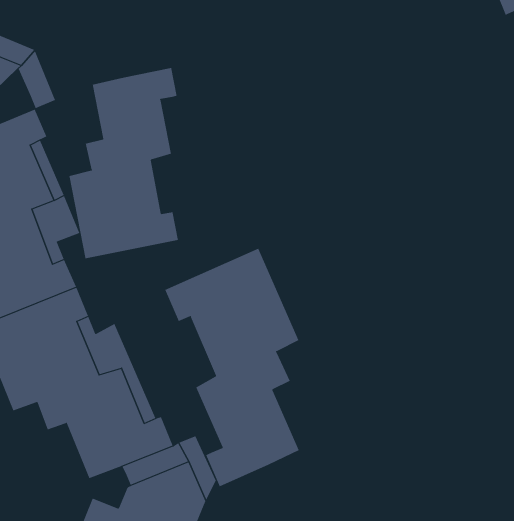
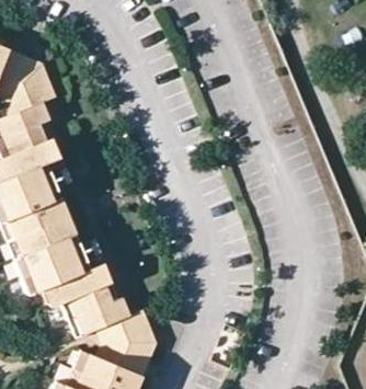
building: [69,67,178,259] -> none
building: [164,248,299,487] -> none

